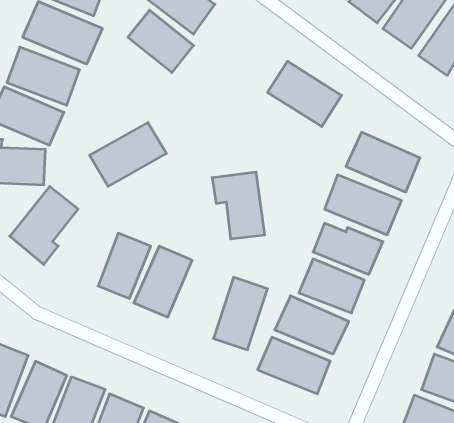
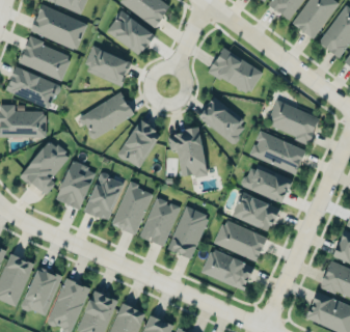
building: none -> [84,47,132,86]
building: none -> [199,96,248,143]
building: none -> [118,119,162,168]
building: none -> [57,161,96,210]
building: none -> [140,197,181,247]

